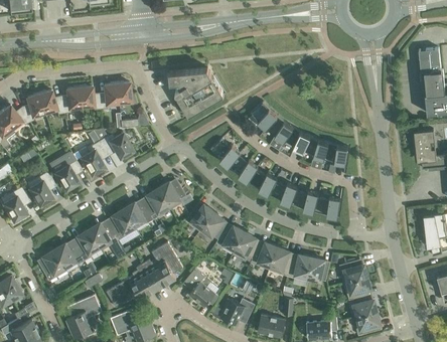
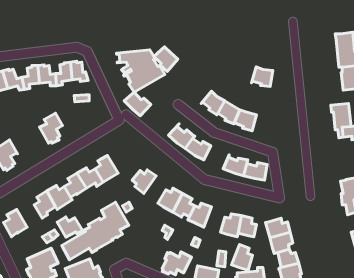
building: [250,102,277,130] -> [154,47,178,71]
building: [99,133,132,158] -> none
building: [209,139,240,166] -> [124,92,151,116]
building: [323,143,347,165] -> [252,67,273,86]
building: [53,152,82,190] -> none
building: [268,178,297,204] -> none
building: [158,182,190,209] -> none
building: [199,212,225,240] -> none
building: [54,244,84,268] -> [57,217,83,237]
building: [268,247,292,277] -> [231,245,253,270]
building: [182,269,219,308] -> none

